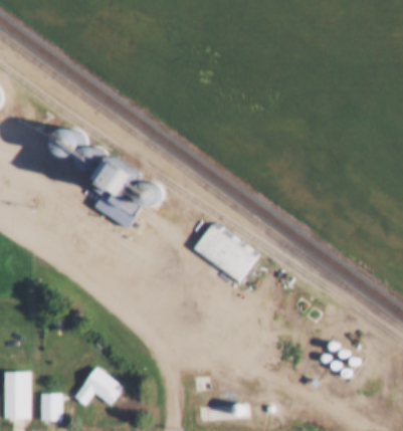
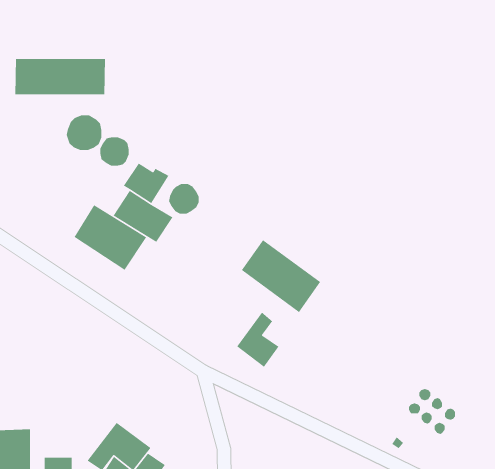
building: none -> [14,58,106,95]
building: none -> [73,204,147,271]
building: none -> [236,311,279,368]

